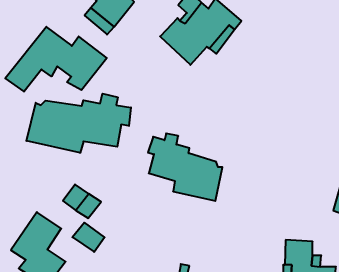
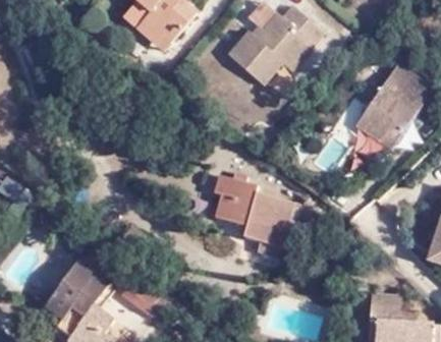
building: [5,27,107,92] -> none
building: none -> [355,64,431,149]
building: [26,94,131,153] -> none

